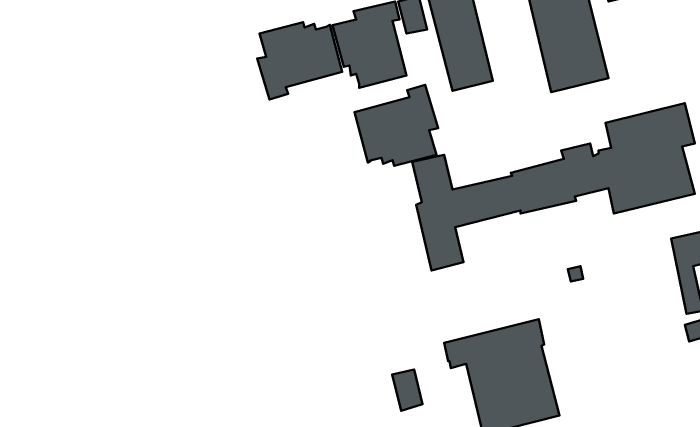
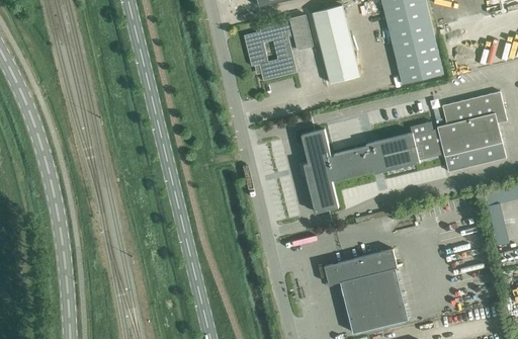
building: [257,22,342,100] -> none
building: [355,85,438,166] -> none
building: [392,369,423,411] -> none

